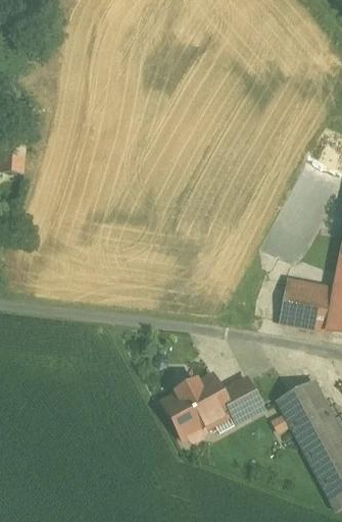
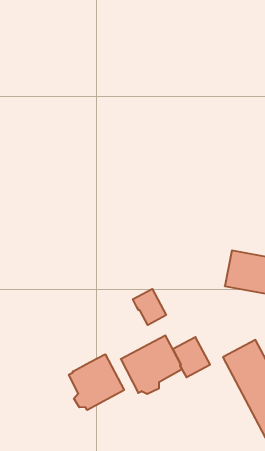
building: none -> [133,289,166,325]
building: none -> [69,354,124,410]

